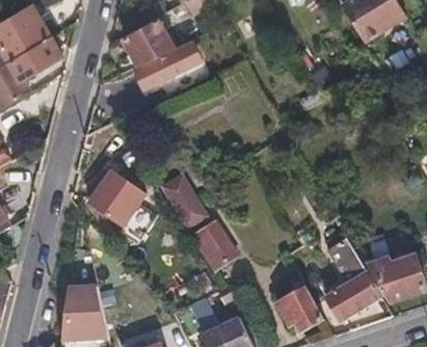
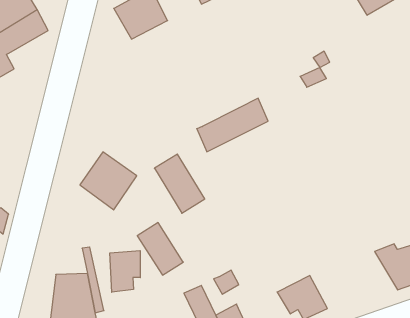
building: [133,37,201,88] -> [197,98,268,152]
building: [195,219,239,269] -> [137,223,183,275]
building: [325,239,381,322] -> none
building: none -> [110,251,140,292]

